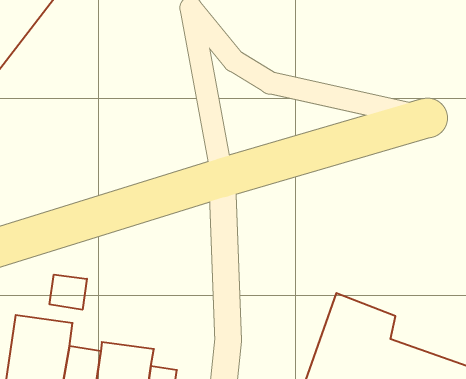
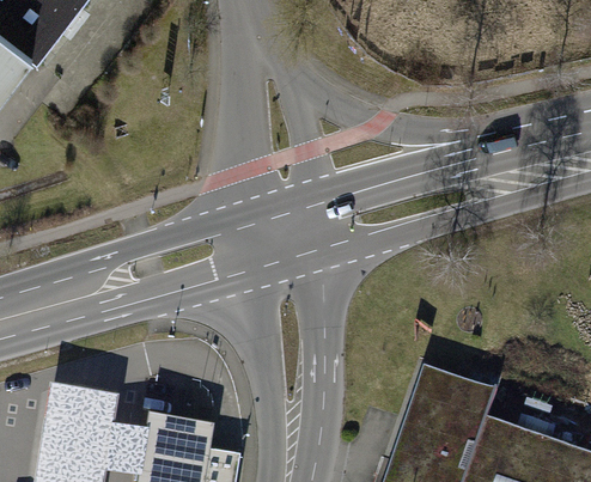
building: [50,275,87,310] -> none

